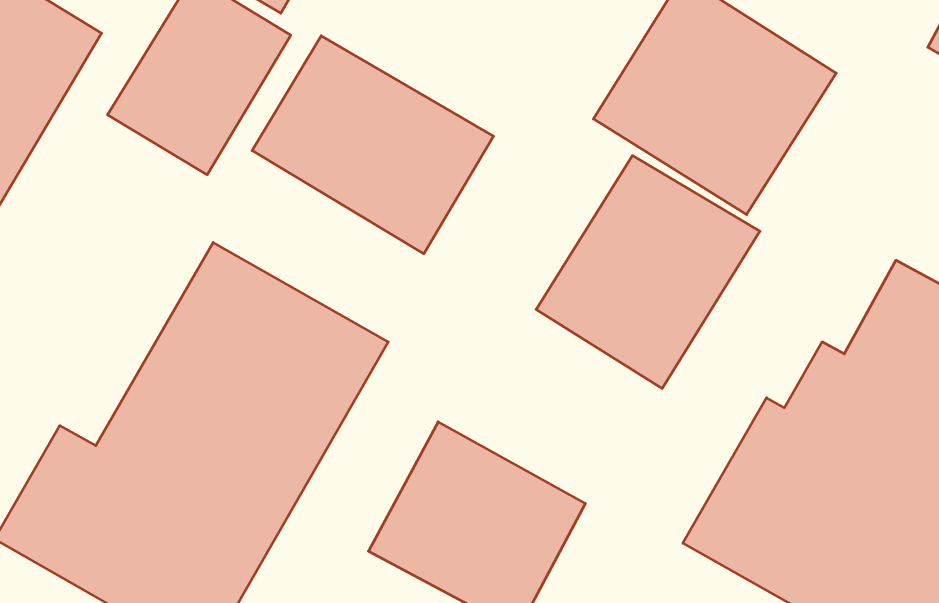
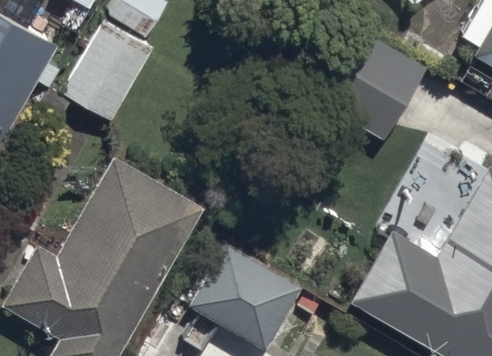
building: [252,36,494,254] -> none
building: [536,156,760,388] -> none

